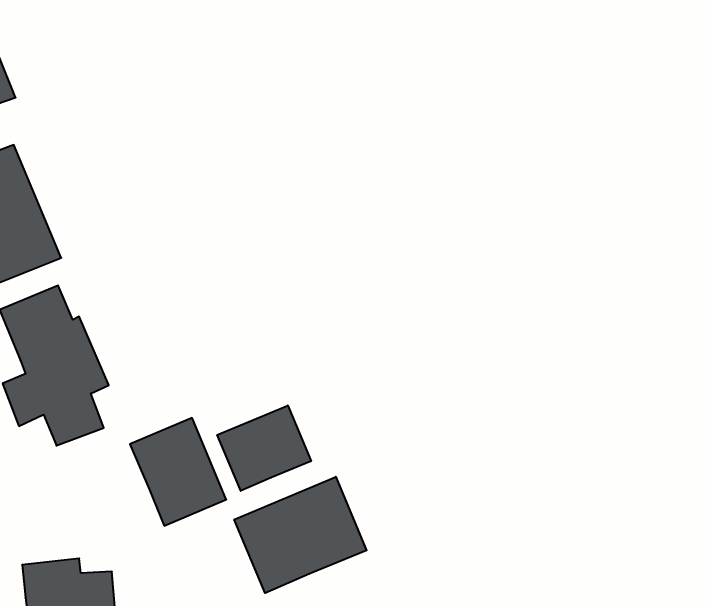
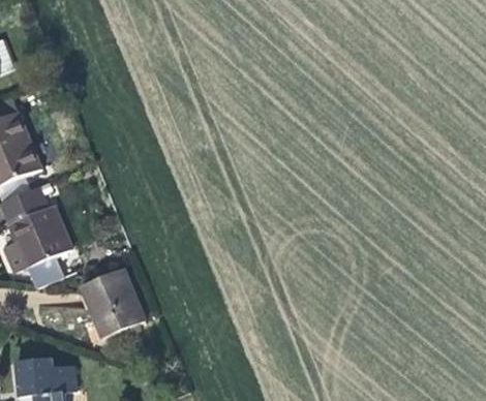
building: [217,405,311,491] -> none
building: [234,477,367,593] -> none

